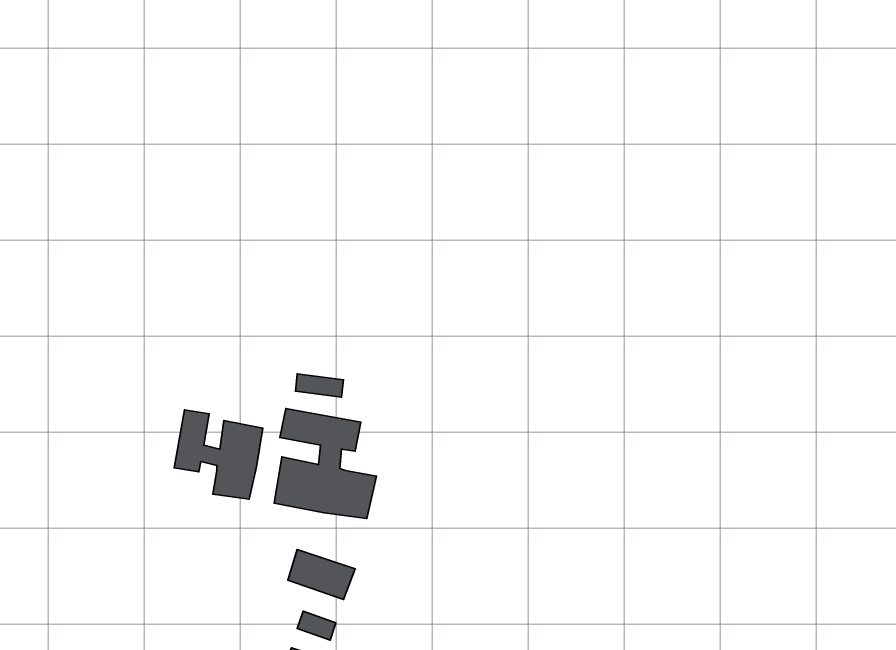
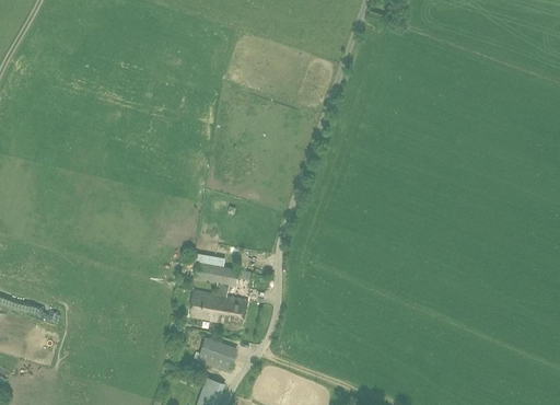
building: [174,410,263,499] -> none

